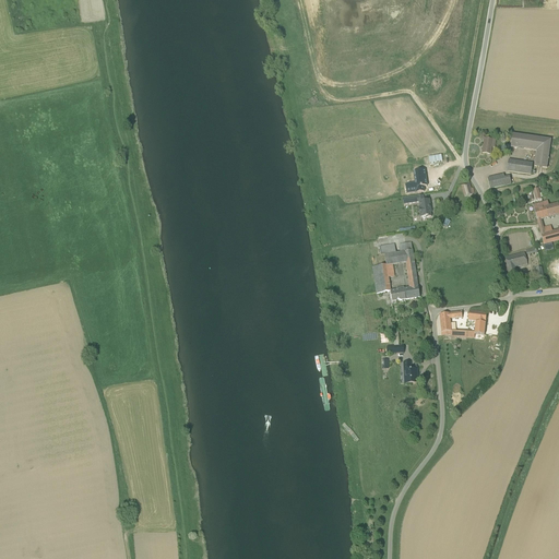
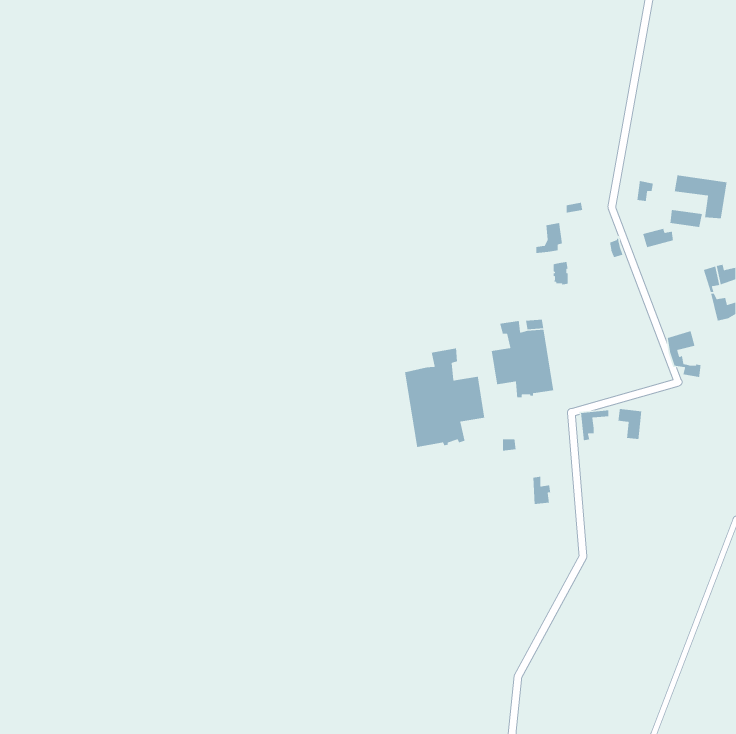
building: none -> [404,347,485,448]

